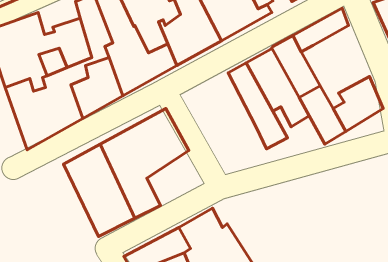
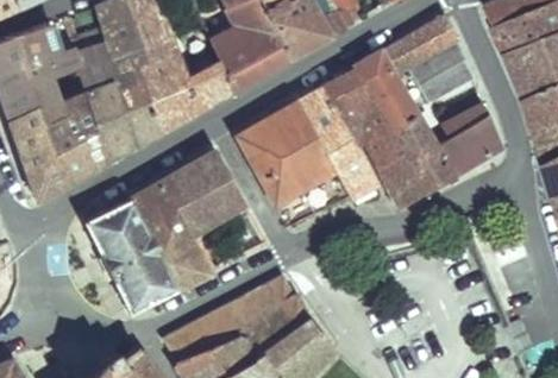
building: none -> [408,38,472,103]
building: none -> [236,100,334,203]
building: none -> [380,156,424,209]

